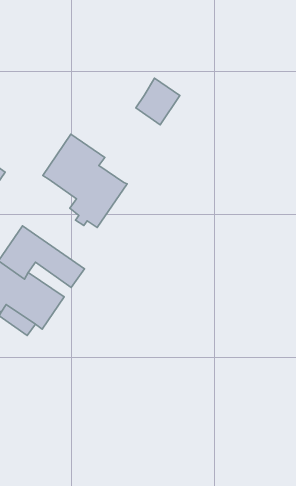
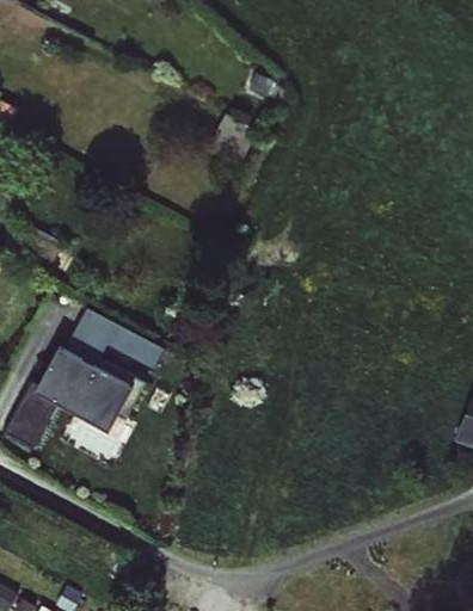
building: [43,134,127,227] -> none

